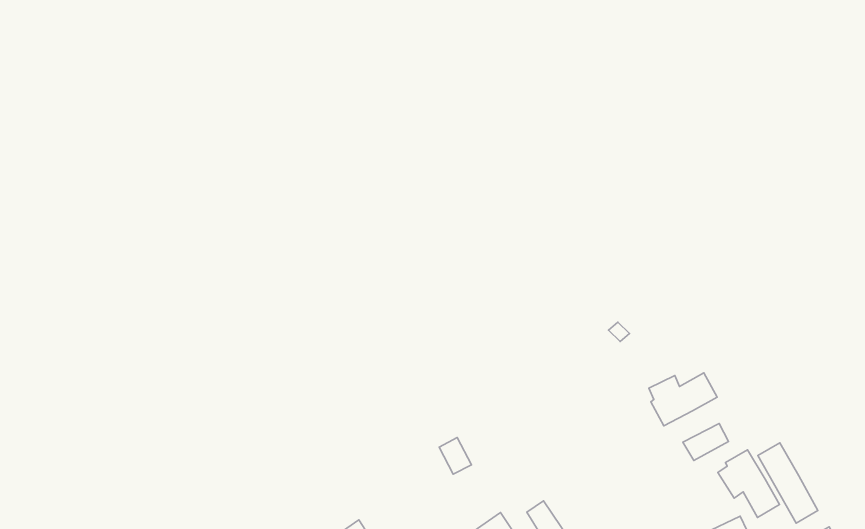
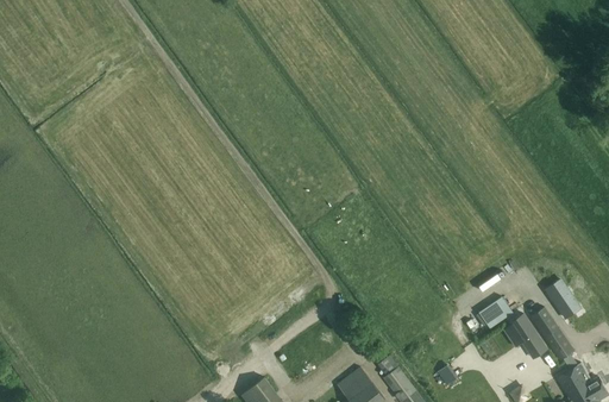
building: [649,373,717,426] -> none
building: none -> [547,281,579,319]

